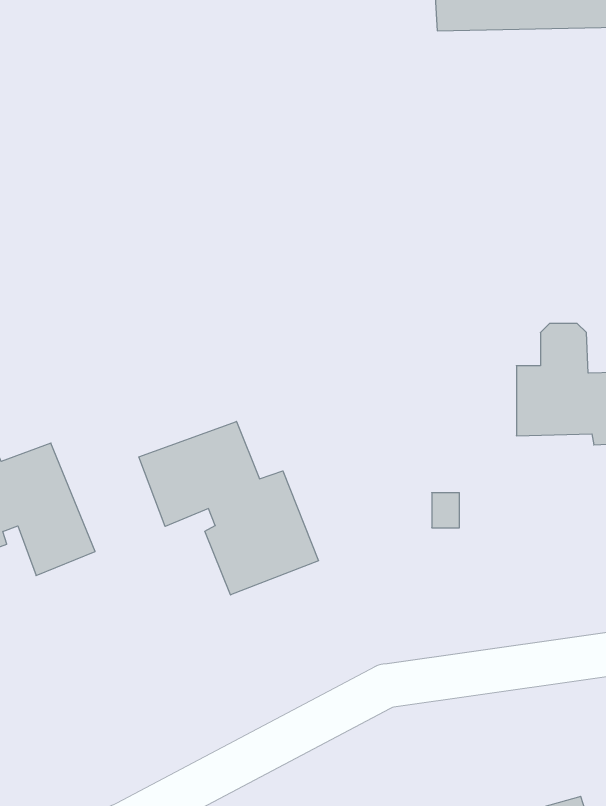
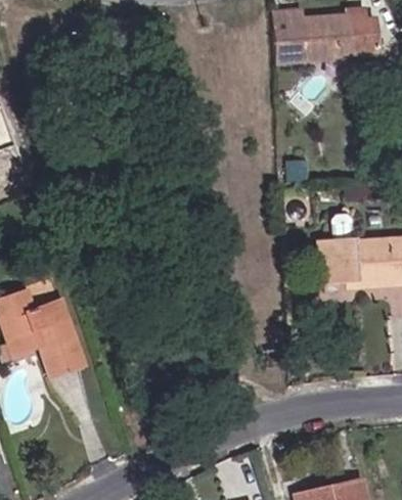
building: [139,421,318,595] -> none

